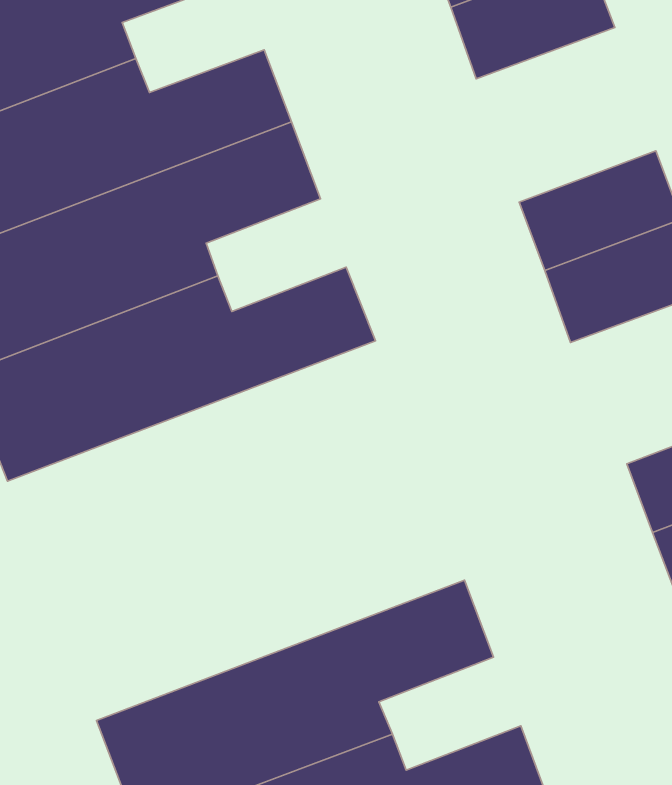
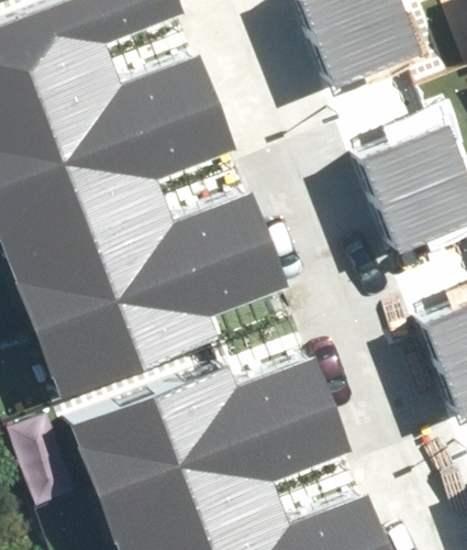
building: none -> [32,244,287,405]
building: none -> [63,352,325,488]

